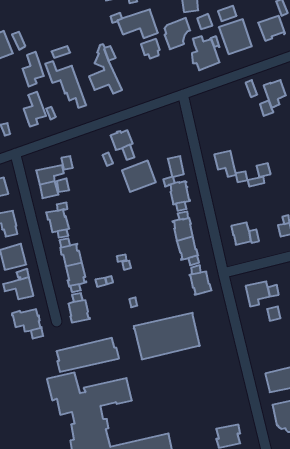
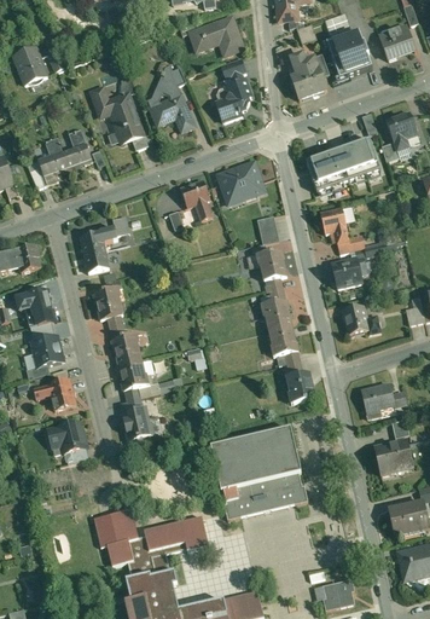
building: [164,18,190,49] -> [215,79,250,121]
building: [22,52,44,87] -> [39,137,68,184]
building: none -> [310,141,373,184]
building: [122,161,156,192] -> [217,161,263,203]
building: none -> [332,258,360,288]
building: none -> [373,438,413,475]
building: [56,338,119,372] -> [222,472,307,517]

